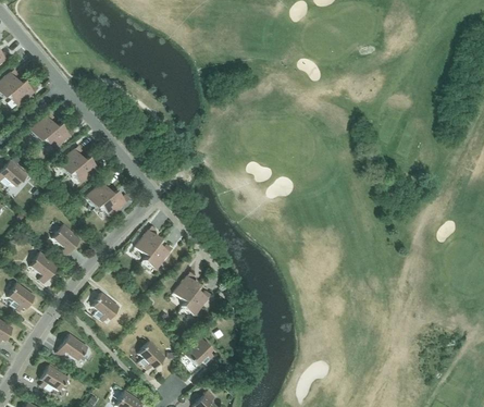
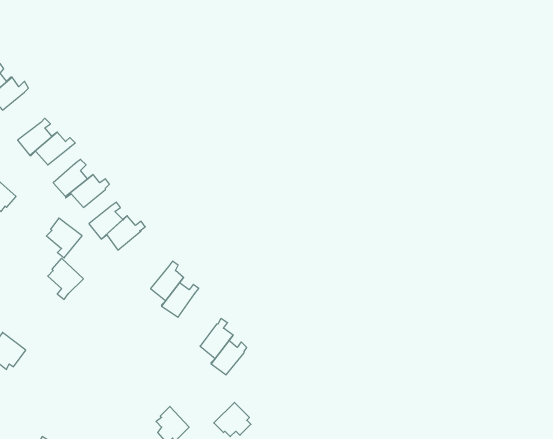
building: [29,251,58,283] -> [46,218,82,258]
building: [91,292,119,321] -> none
building: [57,333,88,360] -> none

